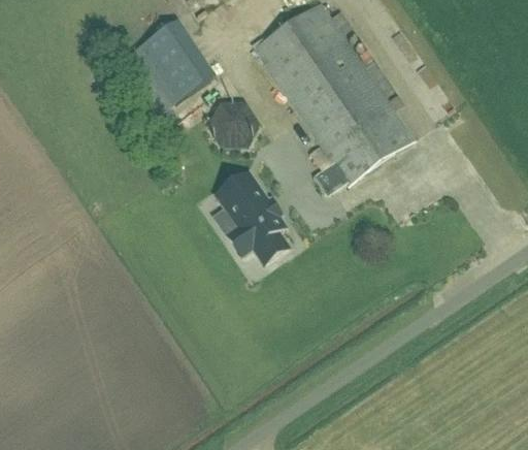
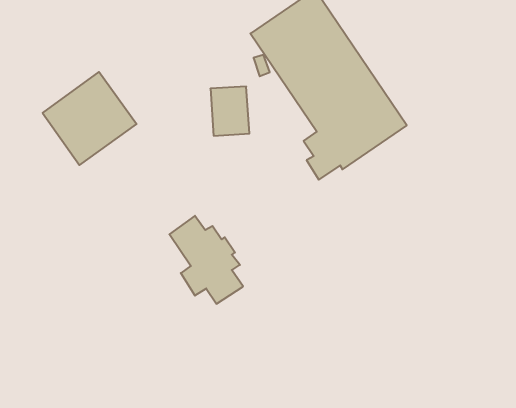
building: [120,20,214,114] -> [43,72,137,165]
building: [214,175,289,264] -> [169,216,243,304]

